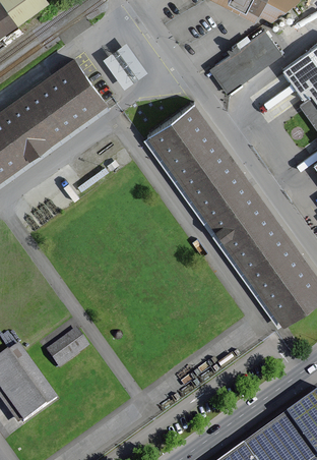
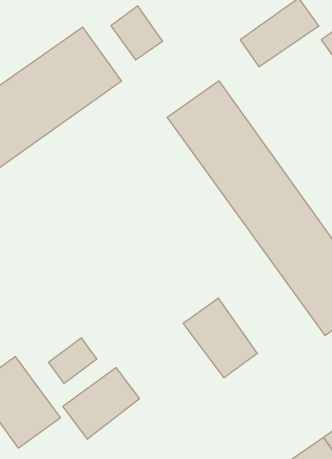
building: none -> [183,298,257,378]
building: none -> [63,368,139,439]

